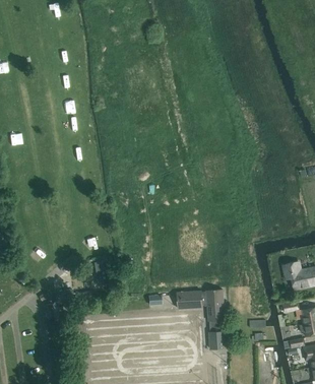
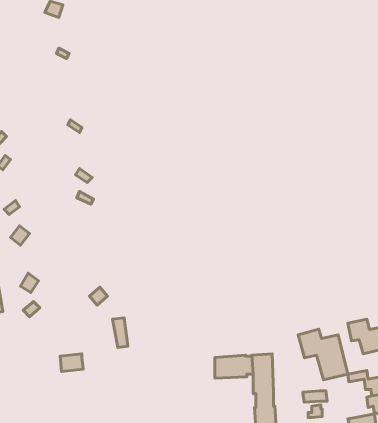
building: none -> [298,329,348,380]

